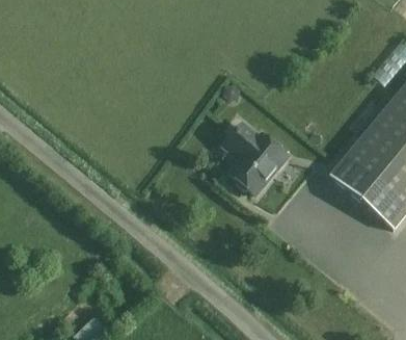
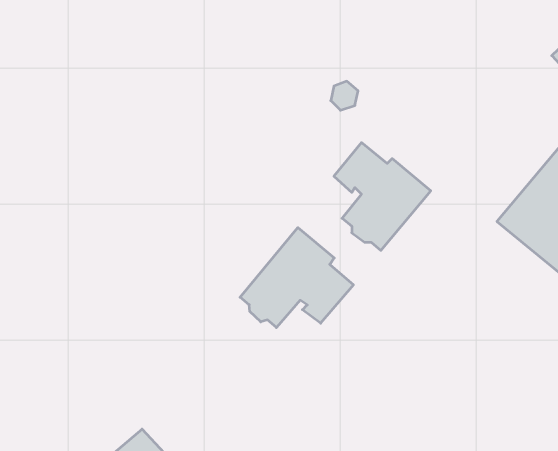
building: none -> [240,228,353,328]

